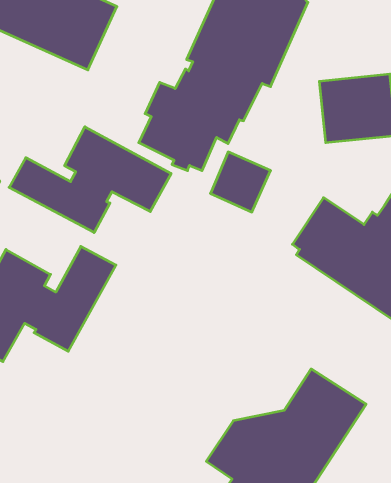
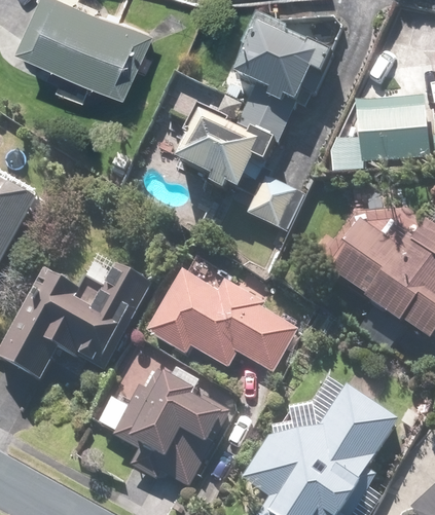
building: [9,127,171,233] -> none
building: none -> [145,267,297,370]
building: none -> [113,369,230,483]

